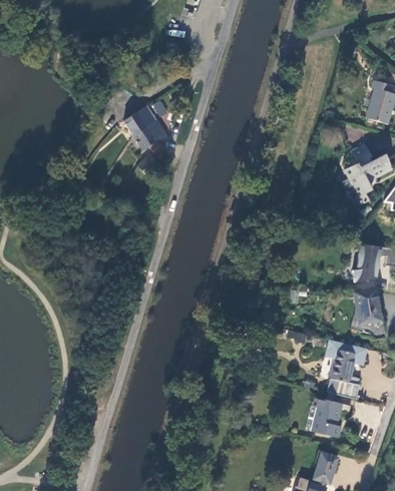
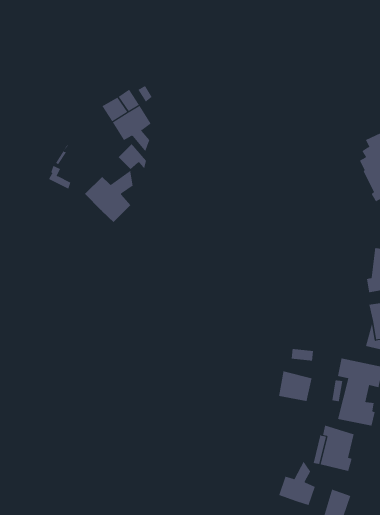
building: none -> [84,170,133,223]
building: none -> [278,370,312,402]
building: none -> [279,461,316,506]

